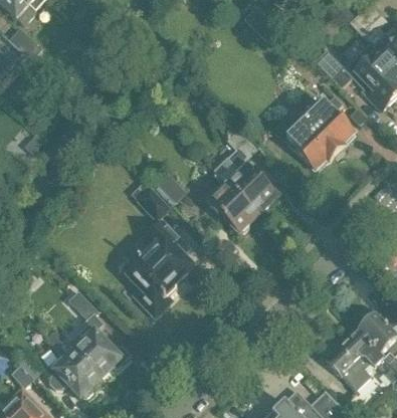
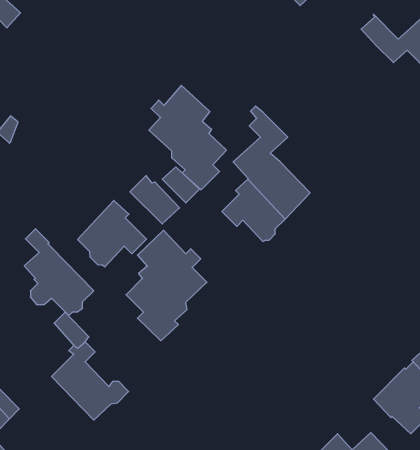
building: [285,93,354,168] -> none
building: none -> [149,85,226,190]
building: none -> [78,200,147,267]
building: [44,327,101,397] -> [24,229,94,316]

